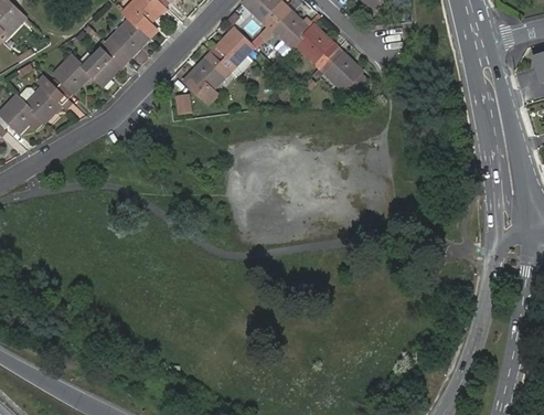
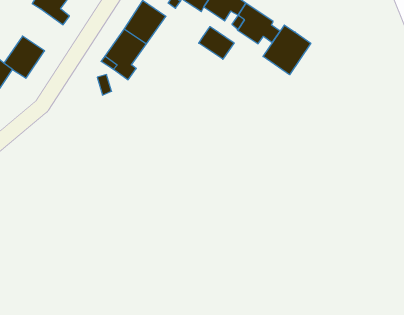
building: [106,18,149,61] -> none
building: none -> [199,27,234,59]
building: none -> [263,25,311,75]

